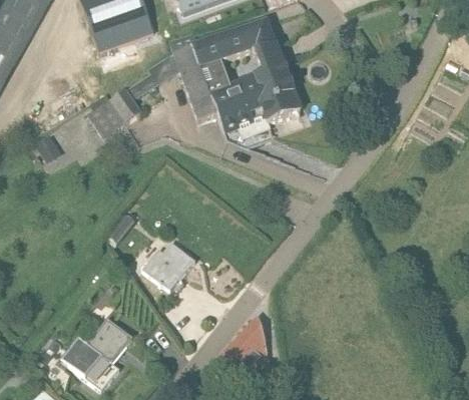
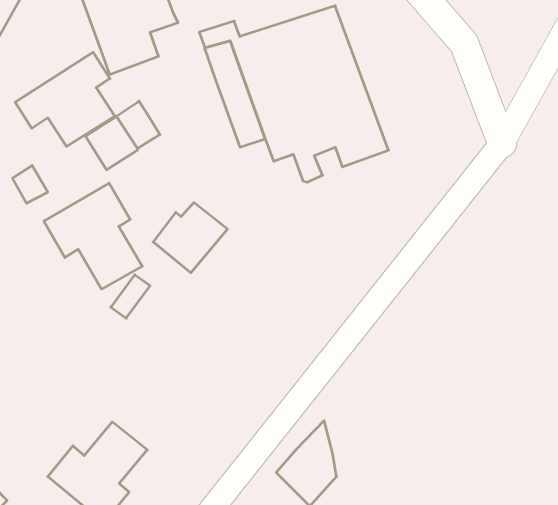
building: none -> [15,52,115,146]
building: none -> [44,183,142,289]
building: [142,241,195,291] -> [153,203,227,273]

